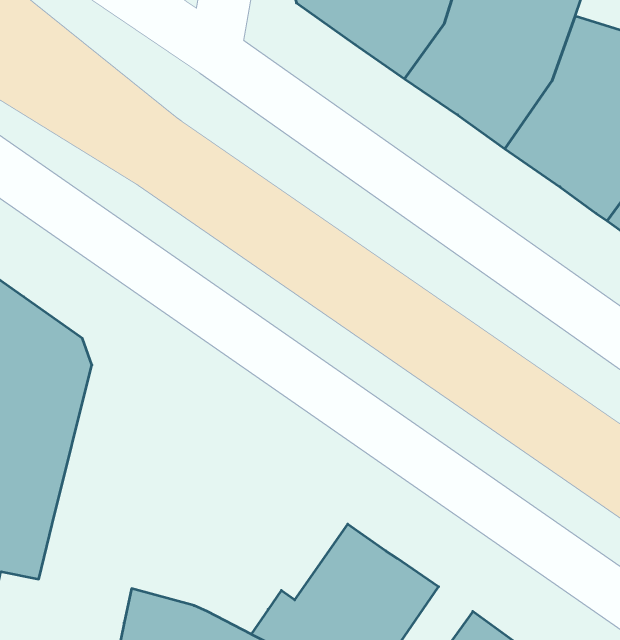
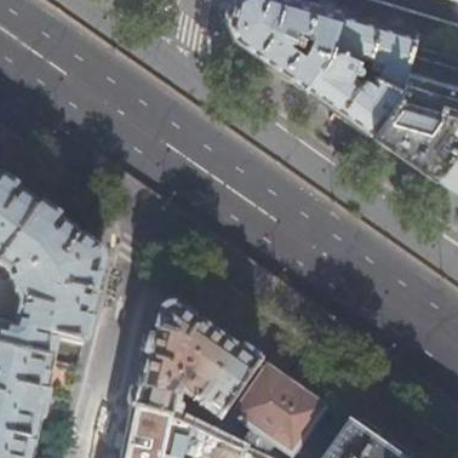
building: none -> [128,303,259,423]

